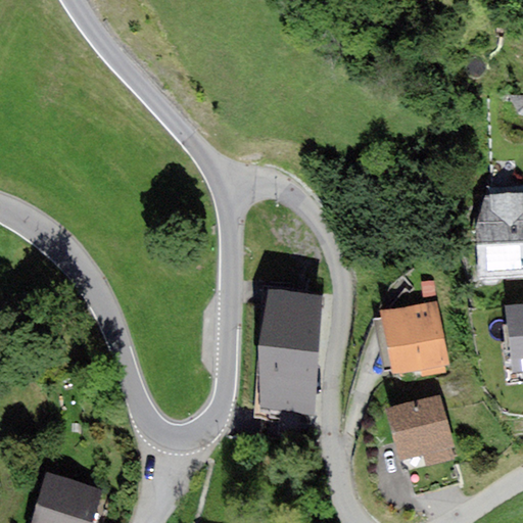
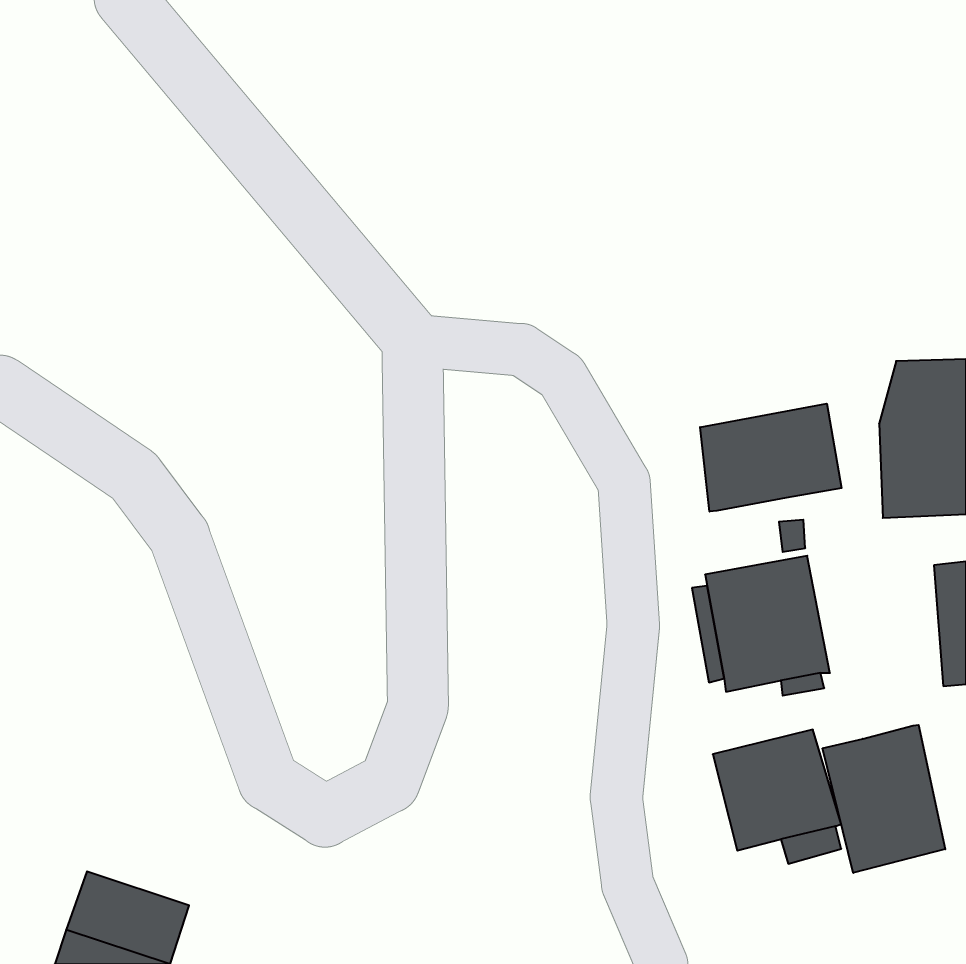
building: none -> [700,404,842,512]
building: [259,291,323,416] -> none
building: none -> [823,725,945,873]

